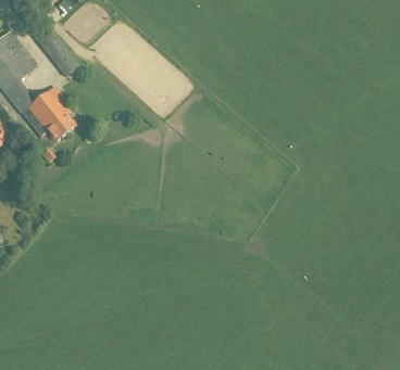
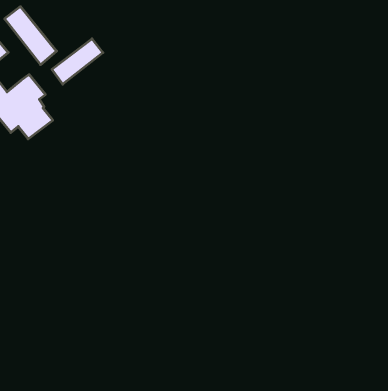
building: none -> [52,39,103,84]

